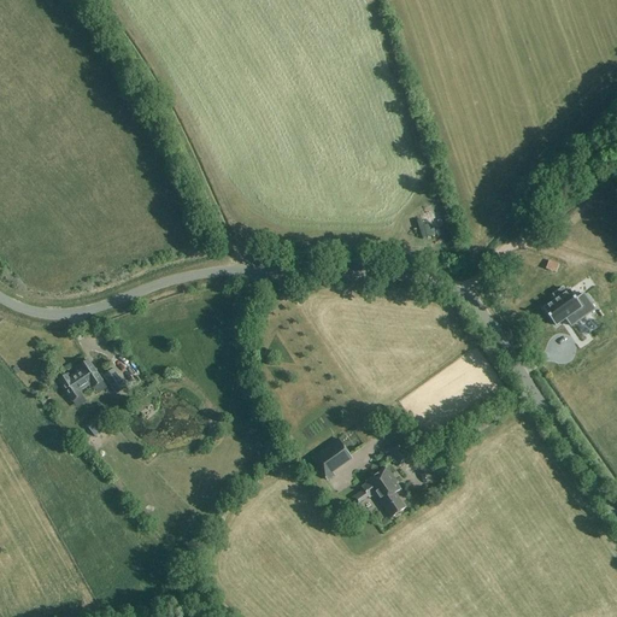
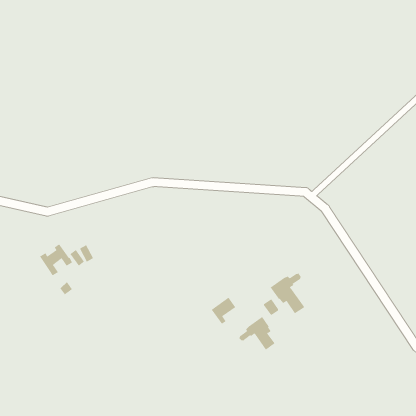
building: [542,284,589,333] -> none
building: none -> [270,272,305,314]

